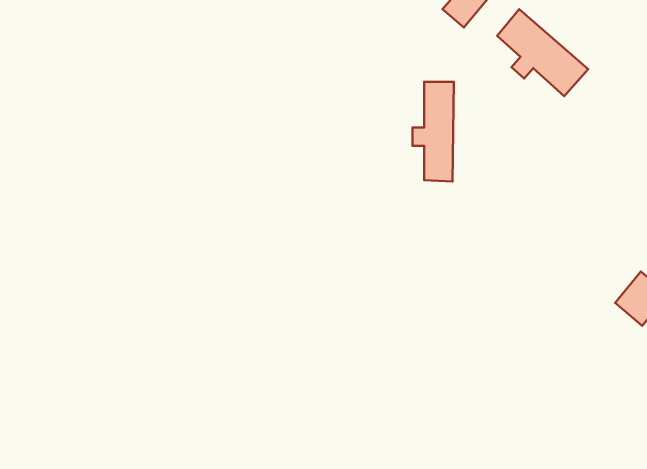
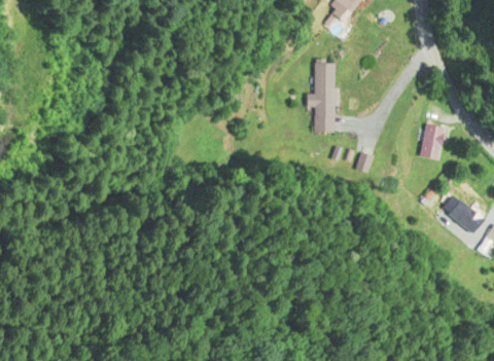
building: [497,9,588,96] -> none
building: none -> [421,123,445,160]

